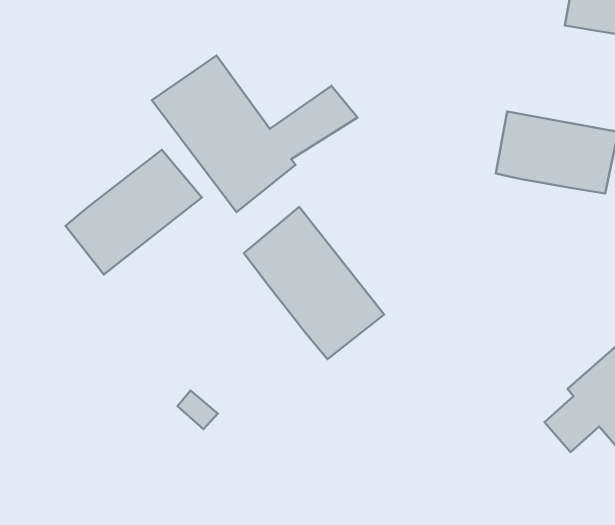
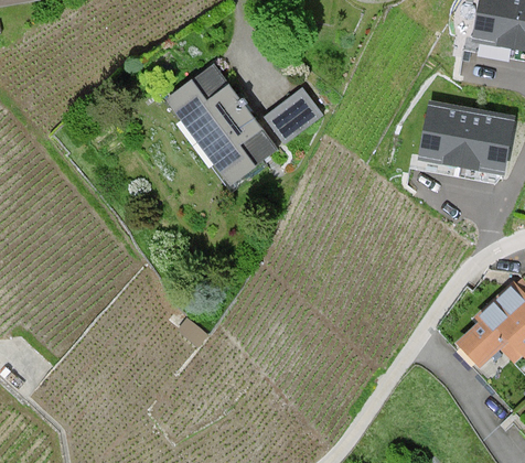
building: [65,150,202,274] -> none
building: [244,207,384,359] -> none

